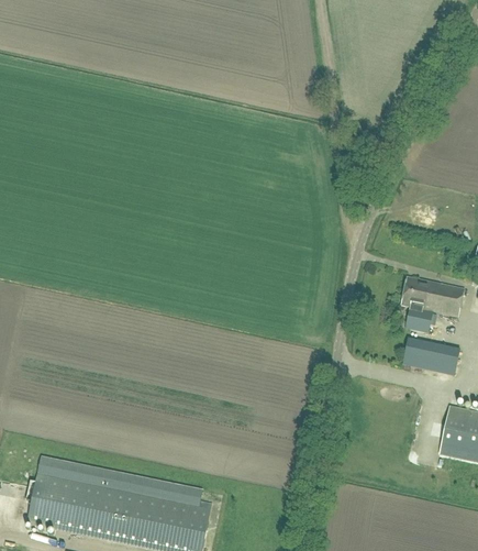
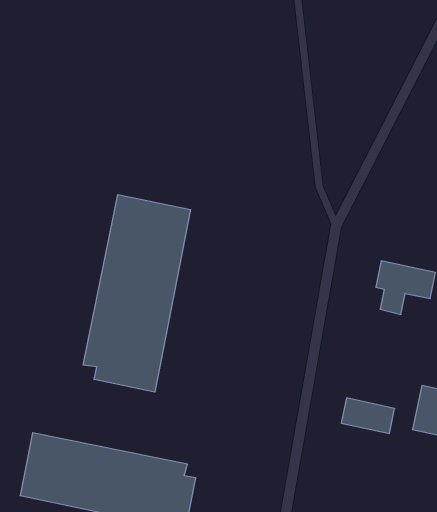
building: none -> [83,195,191,392]
building: [403,337,459,374] -> [341,398,395,434]

